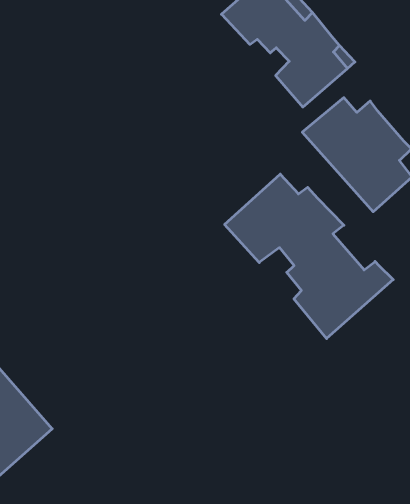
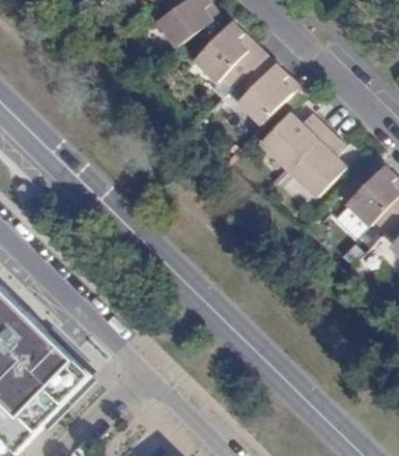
building: [225,174,393,339] -> none

